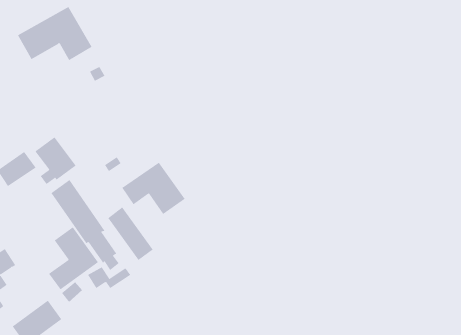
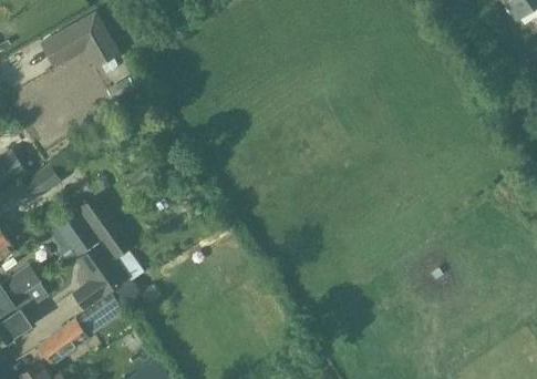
building: [34,136,76,185] -> [55,213,99,263]
building: [122,162,185,215] -> none
building: [107,207,153,261] -> none

